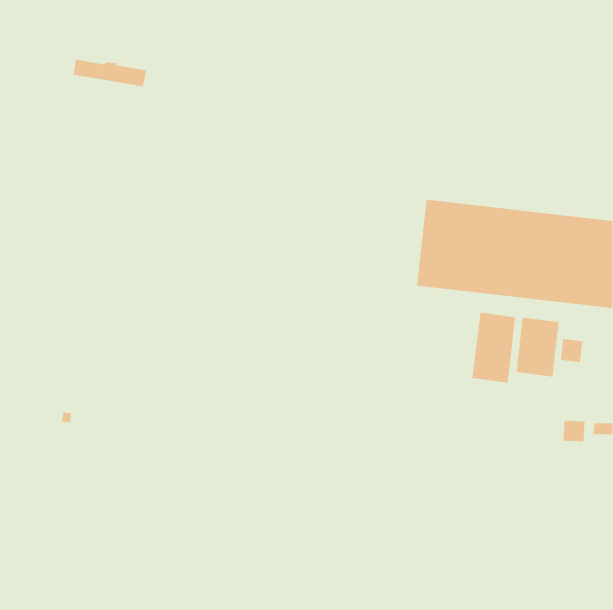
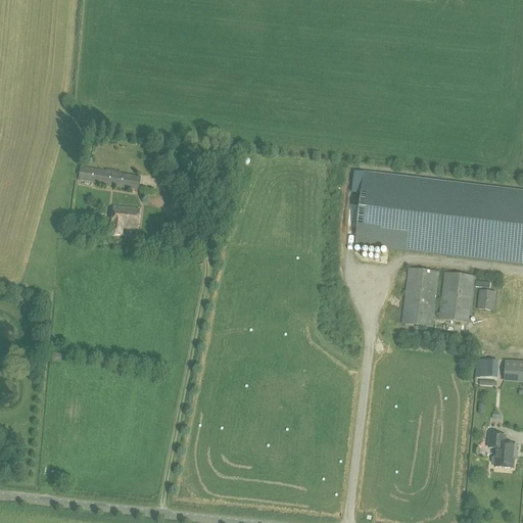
building: [73,59,147,87] -> [78,164,141,188]
building: none -> [110,203,139,232]
building: none -> [489,432,517,466]

